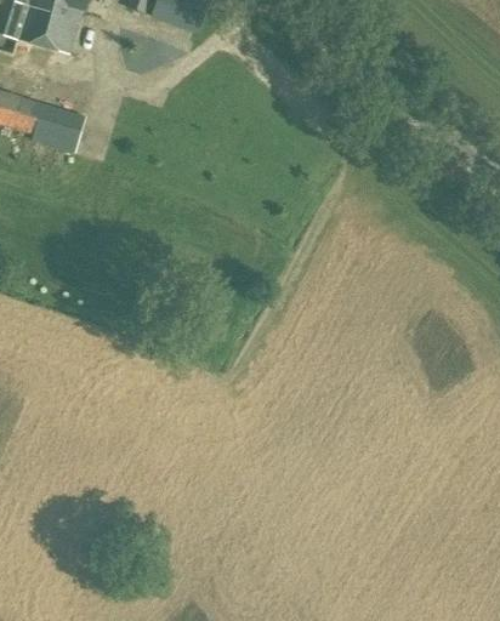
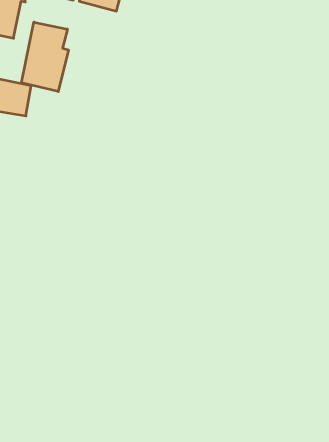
building: none -> [22,22,68,92]

